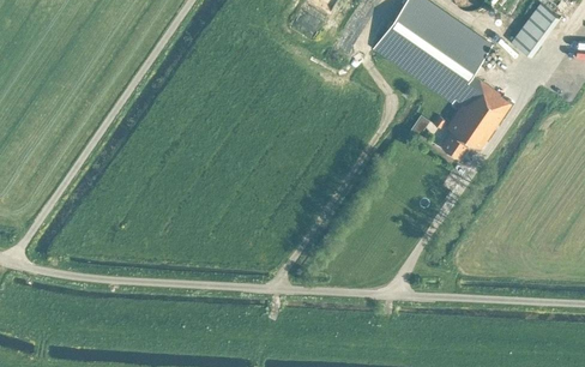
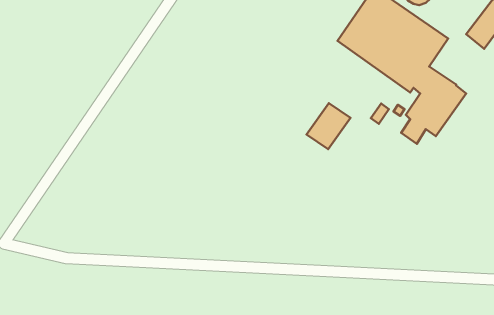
building: none -> [307,103,351,149]

